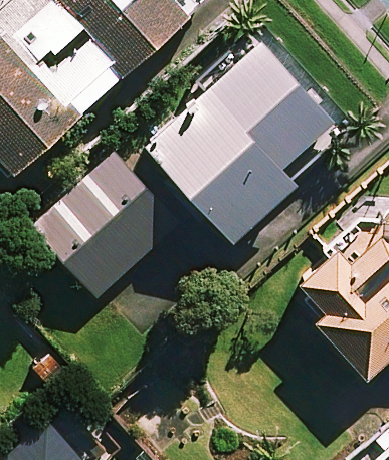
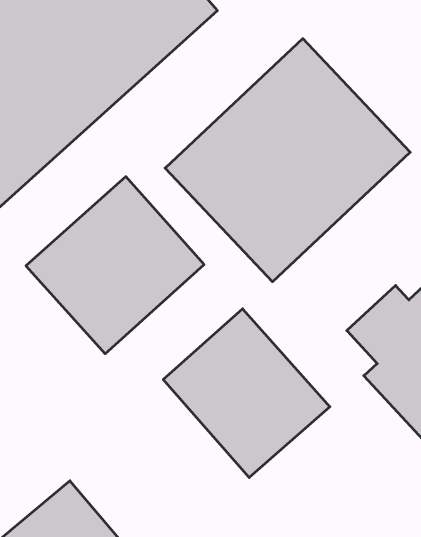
building: none -> [163,309,330,478]

